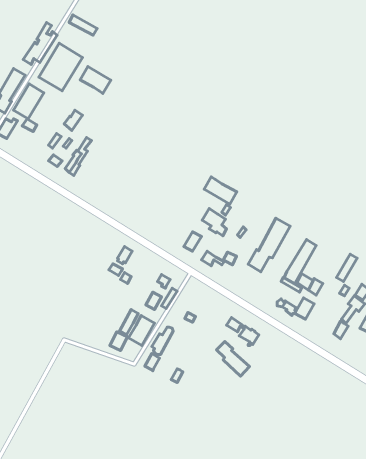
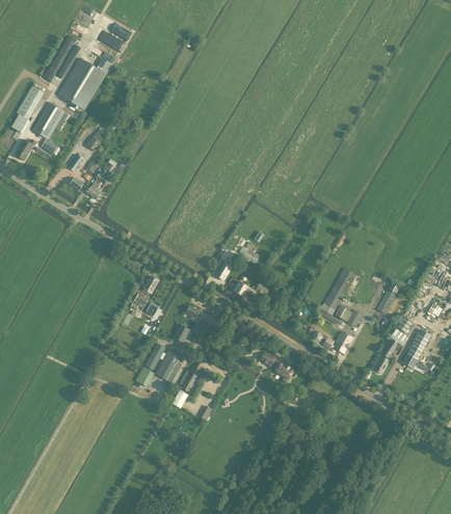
building: [80,66,111,93] -> none
building: [204,177,237,204] -> none
building: [248,218,290,272] -> none
building: [216,341,250,376] -> none

